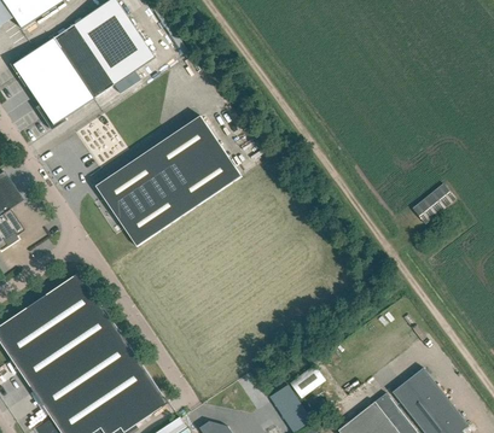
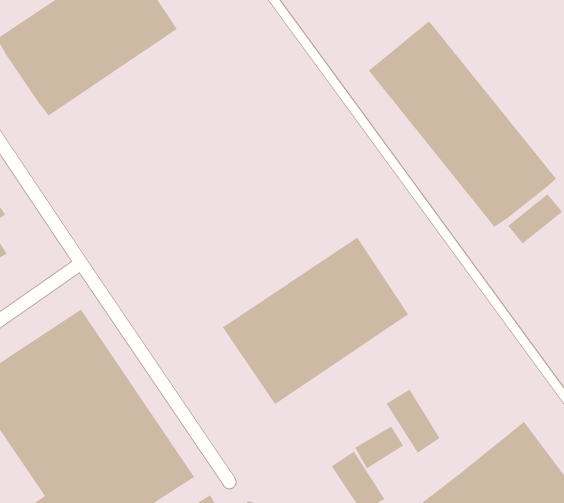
building: none -> [368,20,557,228]
building: [95,116,240,246] -> [222,236,409,405]
building: none -> [386,388,441,454]

